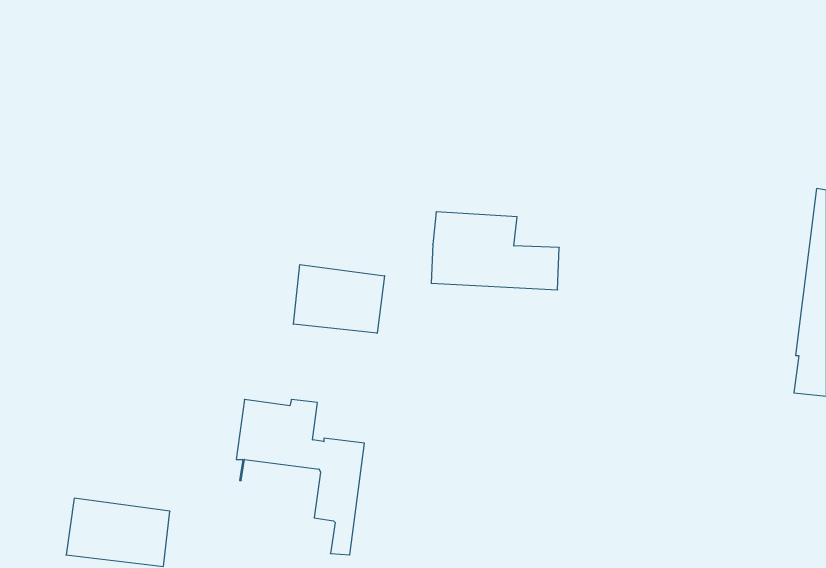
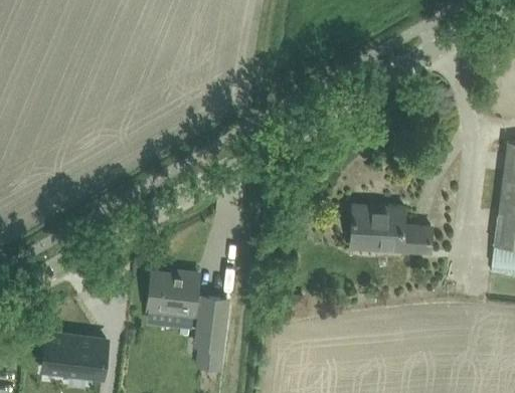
building: [431,212,559,290] -> [351,205,431,253]
building: [293,265,385,333] -> none

